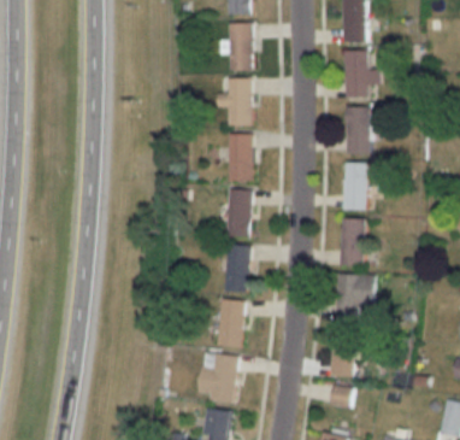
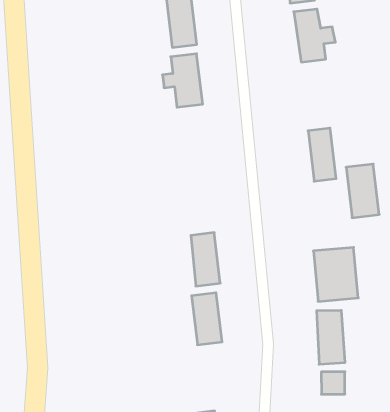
building: [347,106,370,153] -> none
building: [229,134,252,181] -> none
building: [228,189,250,236] -> none
building: [341,218,366,265] -> [346,164,379,218]
building: [197,351,238,400] -> none

